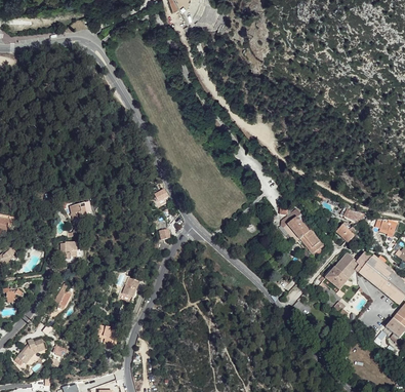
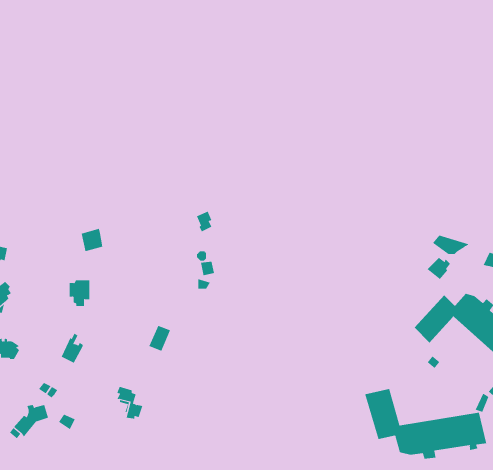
building: [283,214,323,259] -> none
building: none -> [364,388,487,460]

